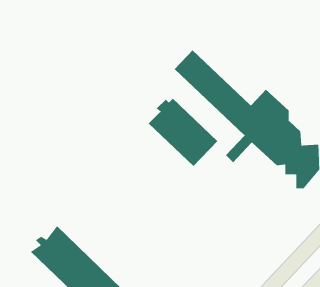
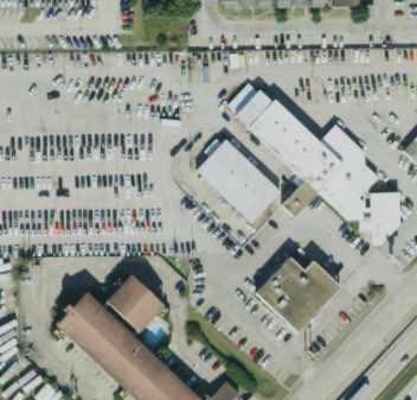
building: none -> [255,255,339,331]
building: none -> [104,272,163,330]

